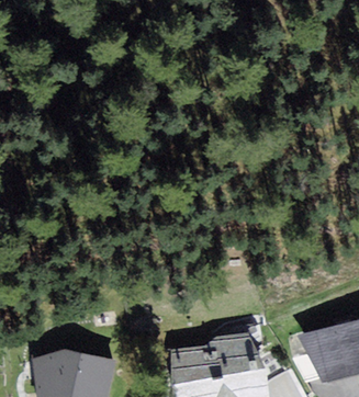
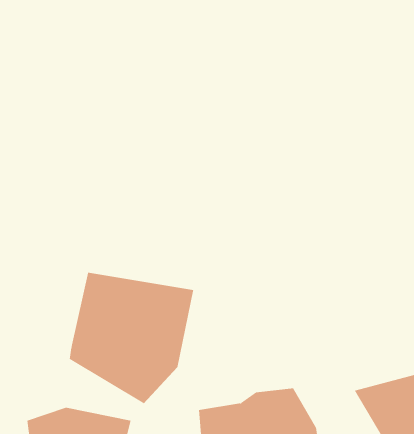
building: none -> [69,272,194,404]

